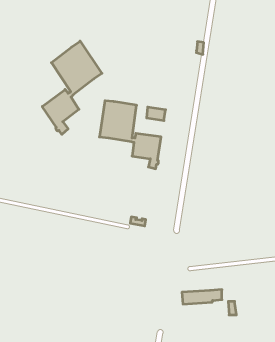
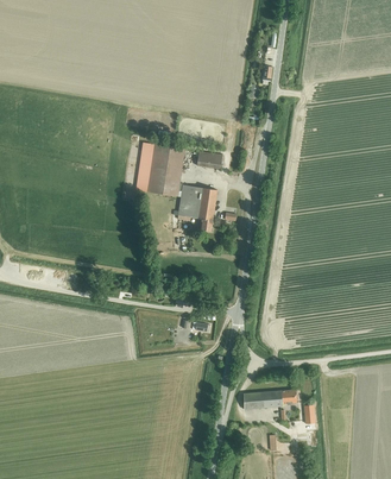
building: [42,41,102,134] -> none

